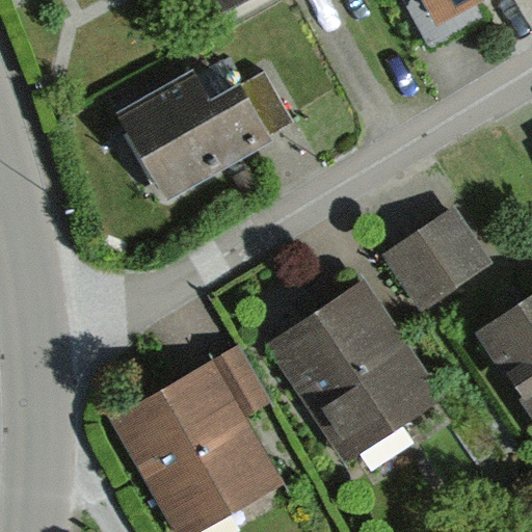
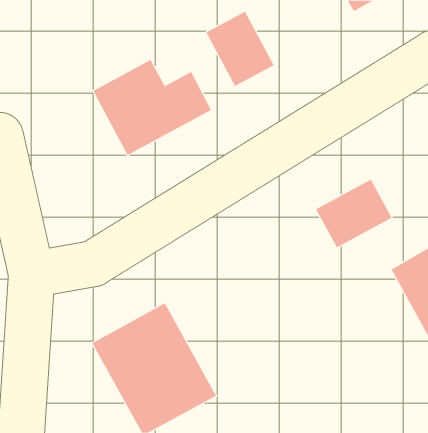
building: none -> [206,11,275,87]
building: [280,294,427,446] -> none

